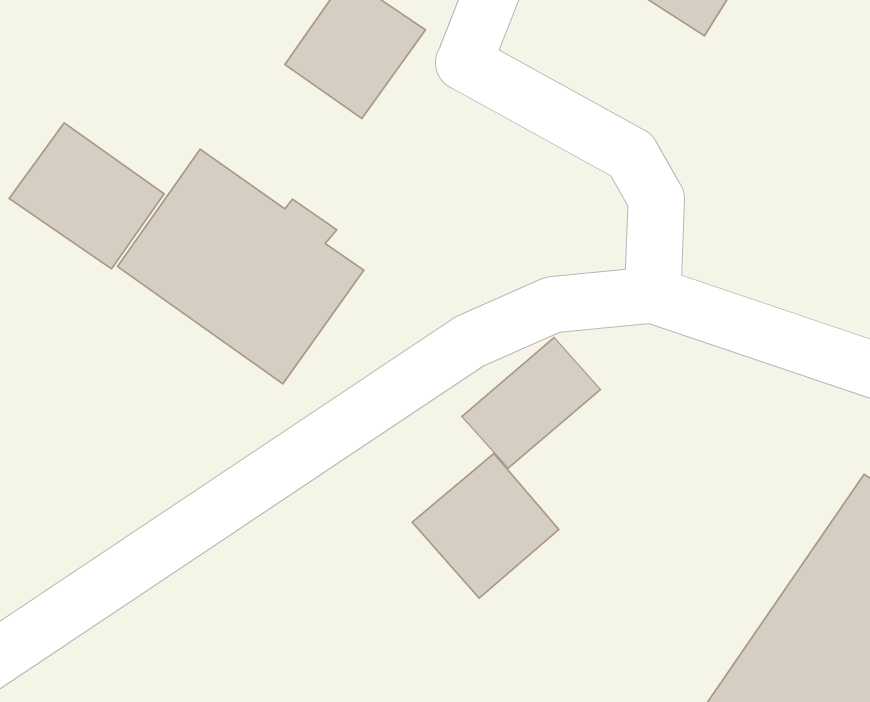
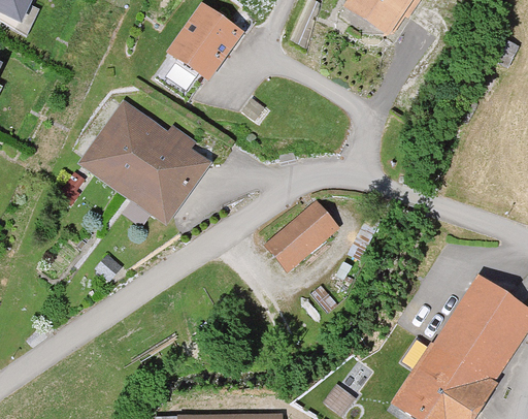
building: [9,123,164,269] -> none
building: [412,453,559,598] -> none

